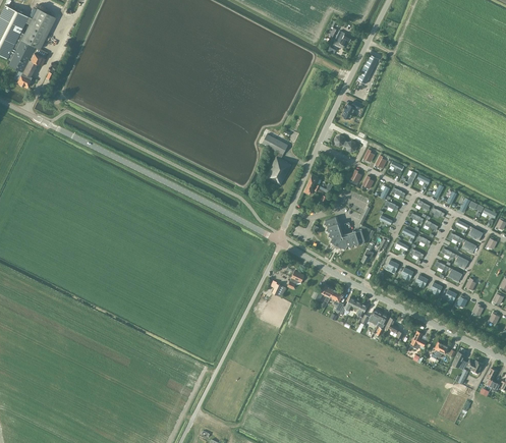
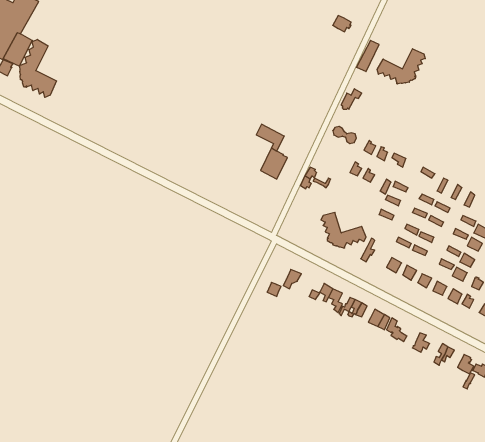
building: none -> [20,39,57,97]
building: none -> [377,49,425,84]

